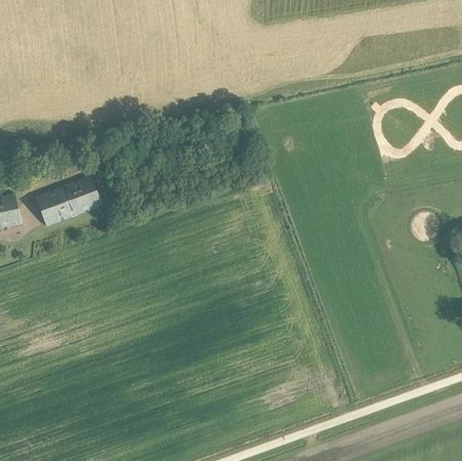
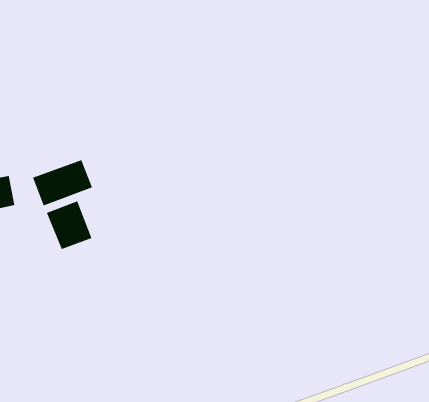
building: none -> [46,200,92,250]

